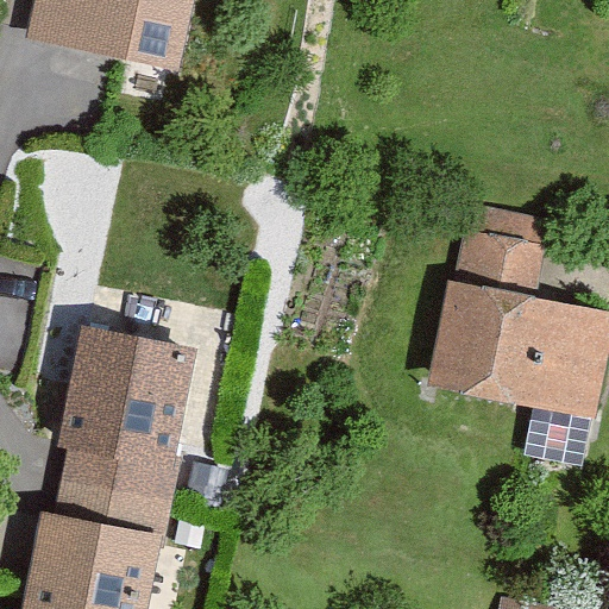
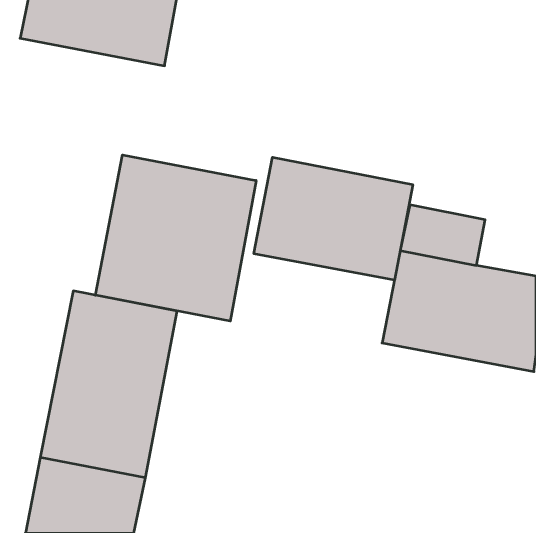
building: none -> [95,155,256,321]
building: none -> [254,157,413,280]

